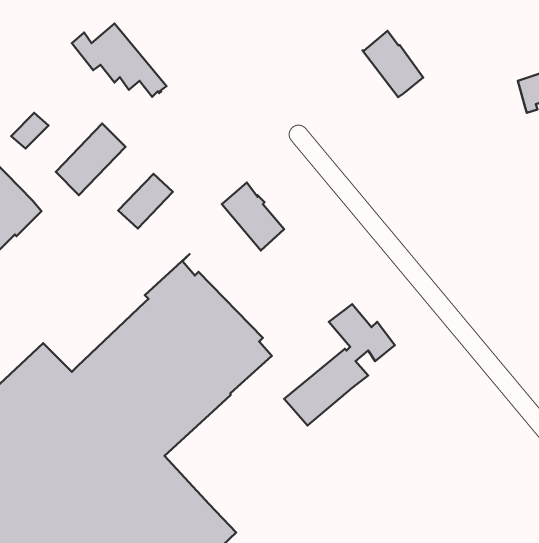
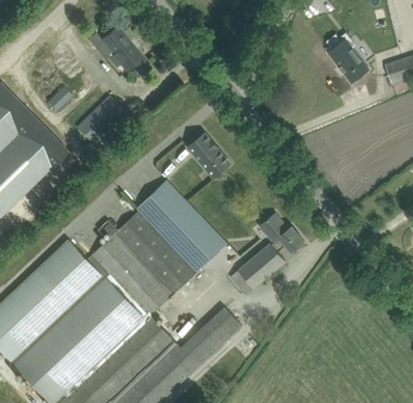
building: [362,31,423,97] -> [328,38,369,82]
building: [118,174,173,229] -> none
building: none -> [180,305,244,366]

